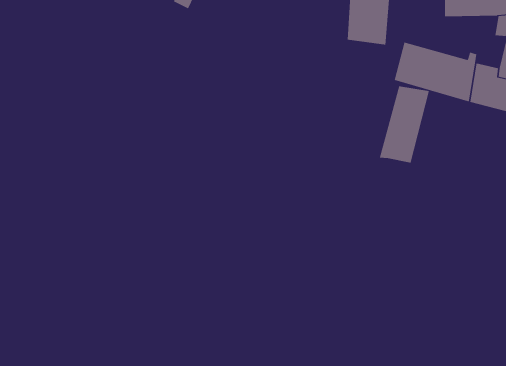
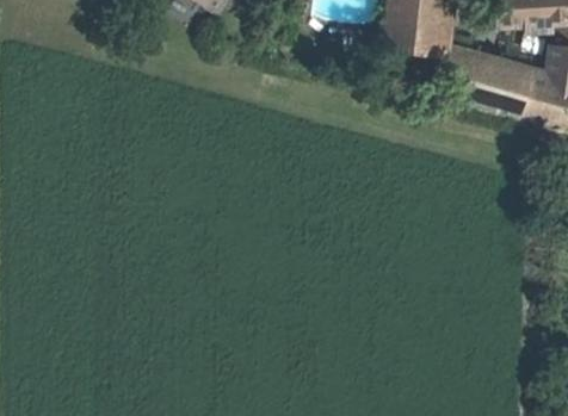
building: [379,85,429,164] -> none

